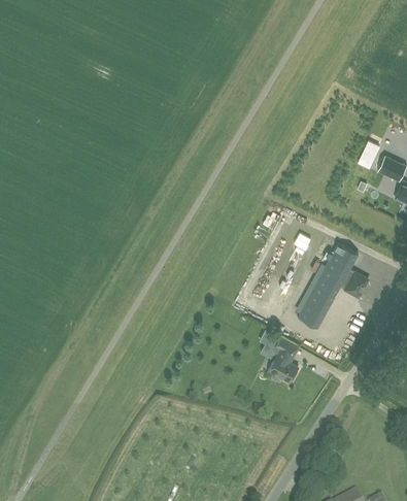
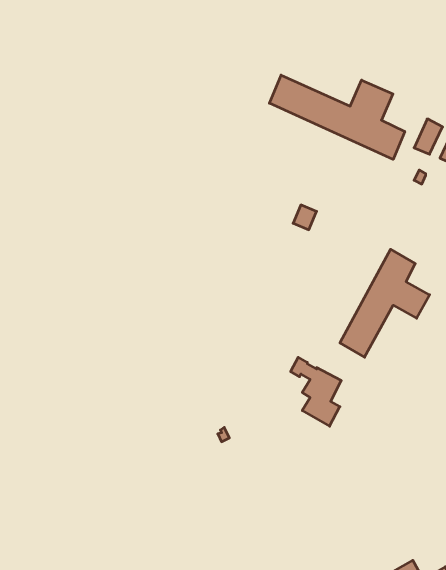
building: none -> [269,75,405,159]

